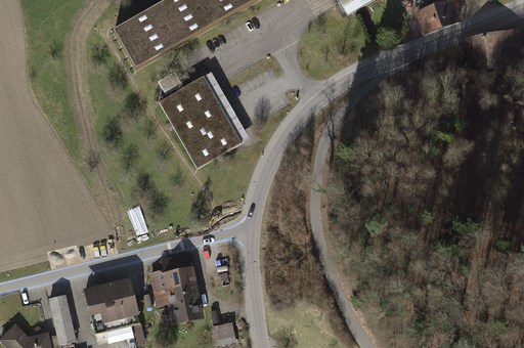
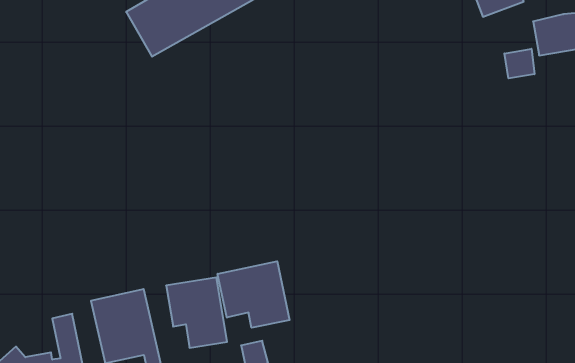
building: none -> [504,49,534,78]
building: [158,73,239,165] -> none
building: none -> [218,261,290,328]

